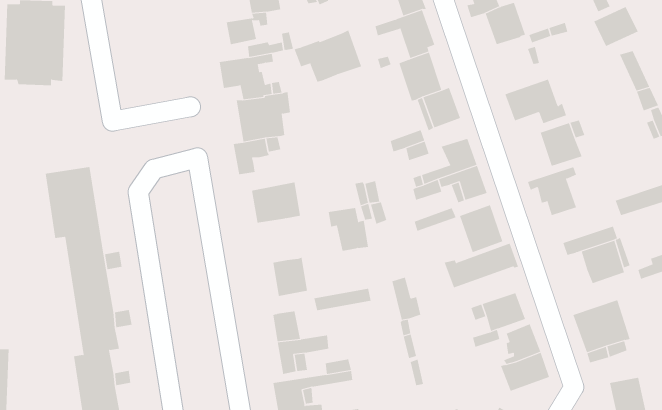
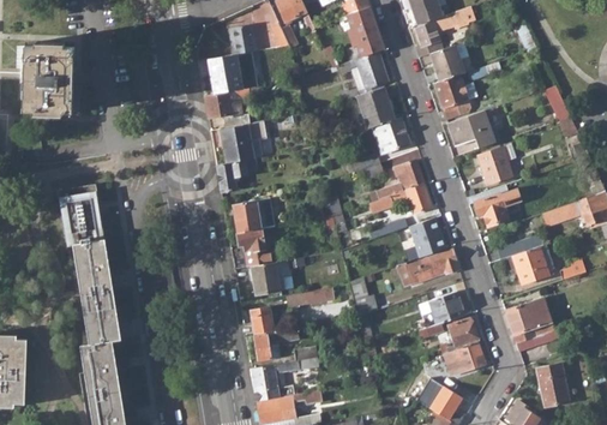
building: [593,6,639,47] -> none
building: [294,29,362,83] -> none
building: none -> [433,74,469,119]
building: [328,207,369,251] -> [236,228,271,265]

